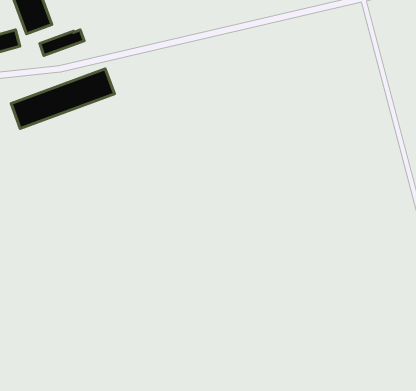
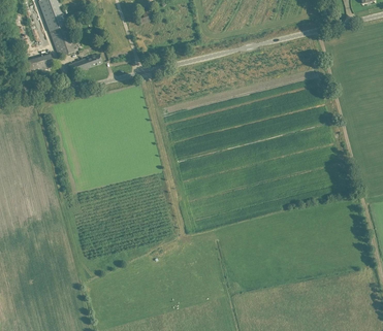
building: [11,69,114,128] -> none

